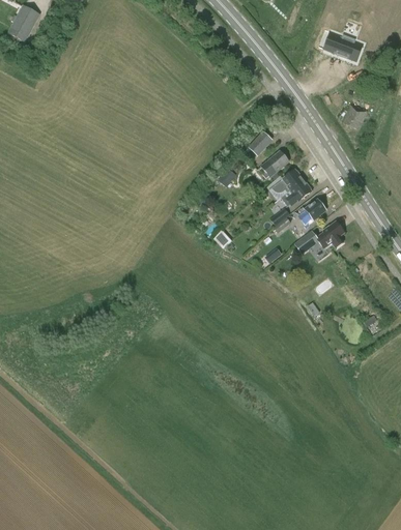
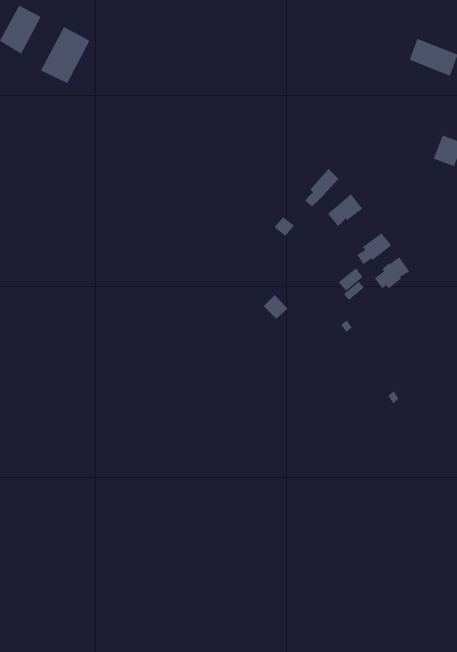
building: none -> [40,26,90,84]
building: [267,169,304,200] -> none
building: [294,222,343,254] -> none

